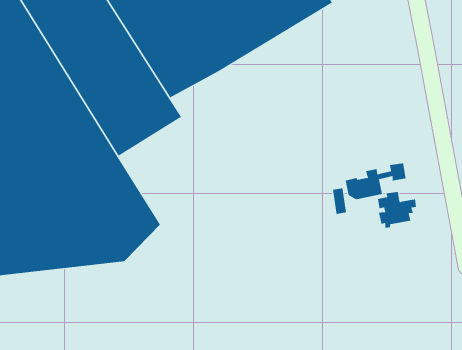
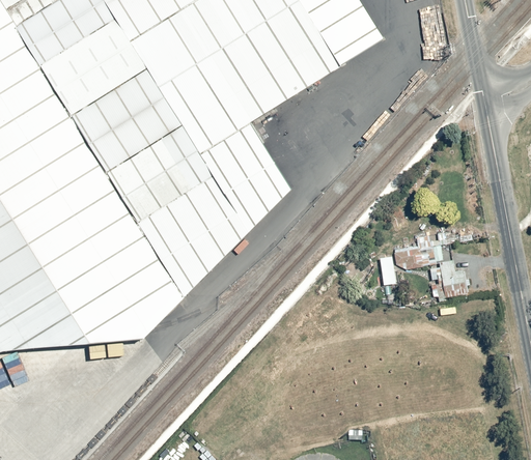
building: none -> [138,122,290,294]

